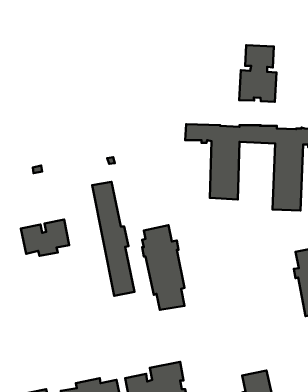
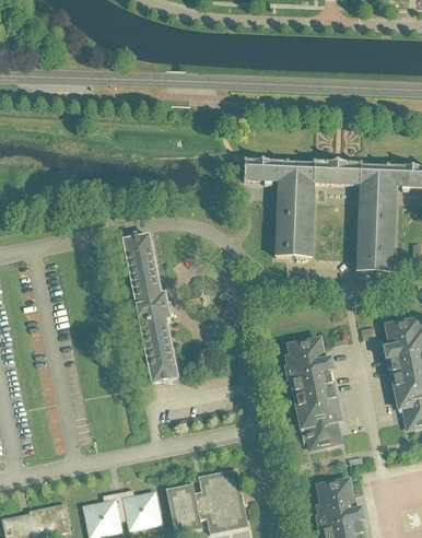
building: [239,45,277,102] -> none
building: [21,220,69,256] -> none
building: [142,225,184,310] -> [286,339,341,448]

